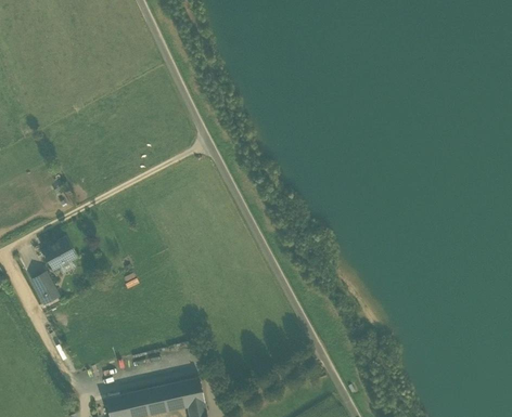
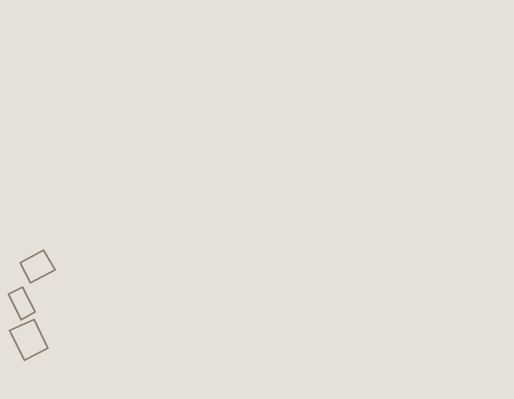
building: none -> [10,320,48,360]

